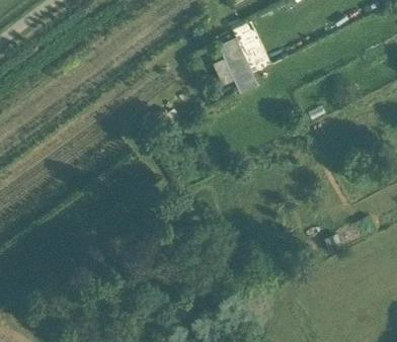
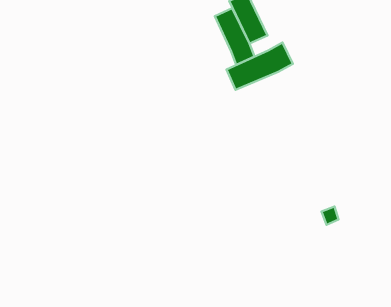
building: none -> [226,43,293,90]

